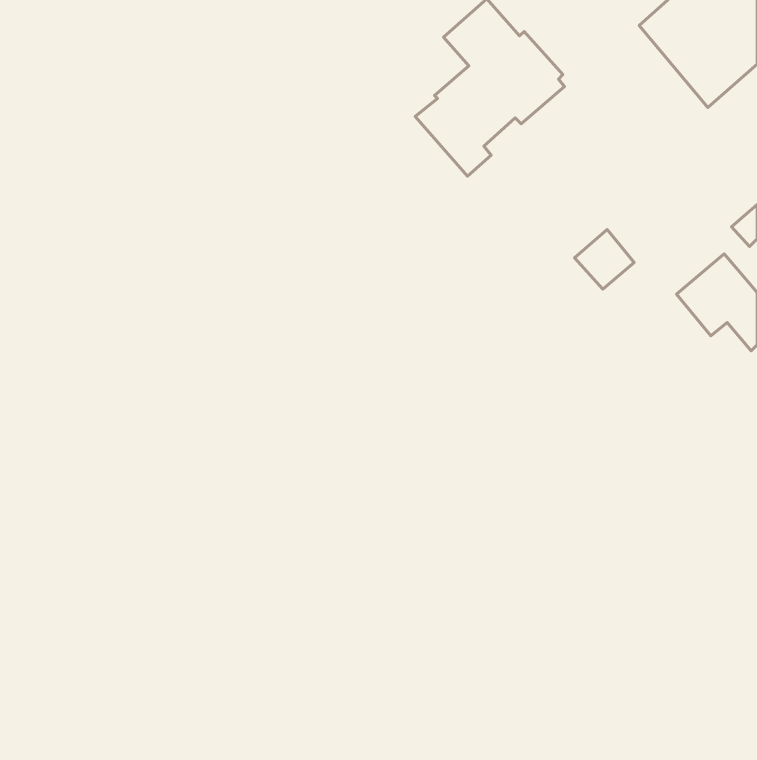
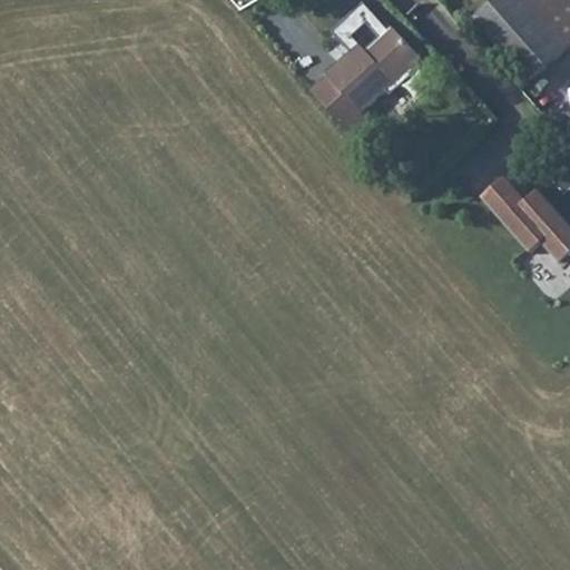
building: [574,230,634,289] -> [483,175,528,219]

